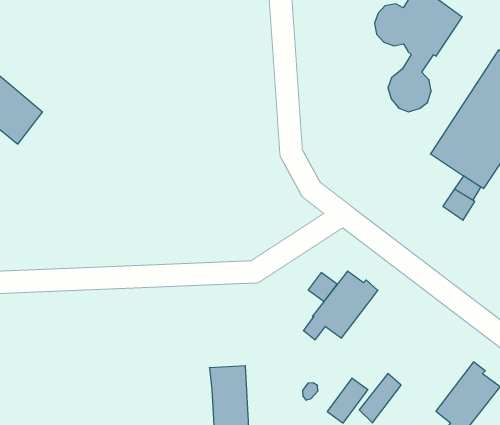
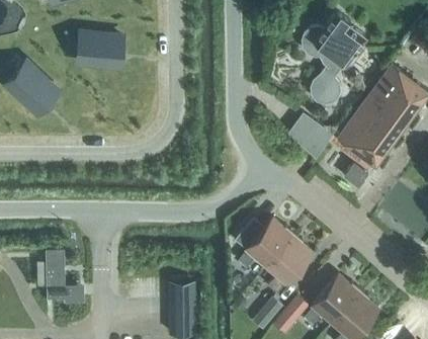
building: none -> [76,32,122,67]
building: none -> [287,112,332,158]
building: none -> [265,234,313,293]
building: none -> [46,253,81,307]
building: none -> [304,274,360,324]

